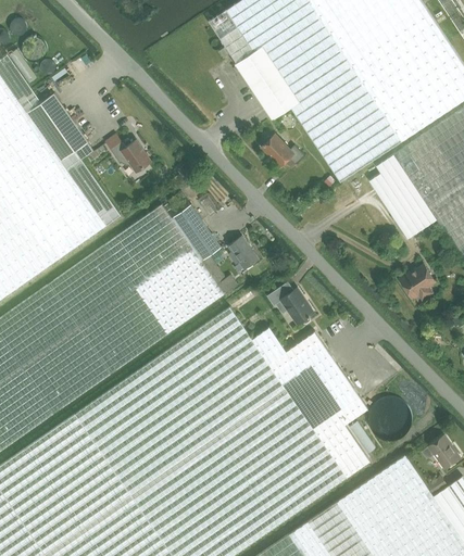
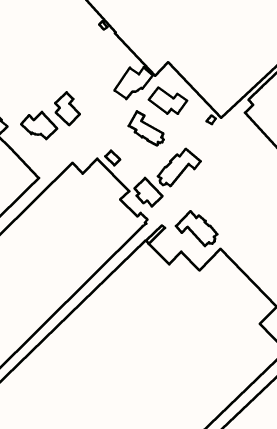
building: none -> [115,67,153,99]
building: none -> [55,92,80,125]
building: none -> [129,111,164,145]
building: none -> [158,149,201,186]

